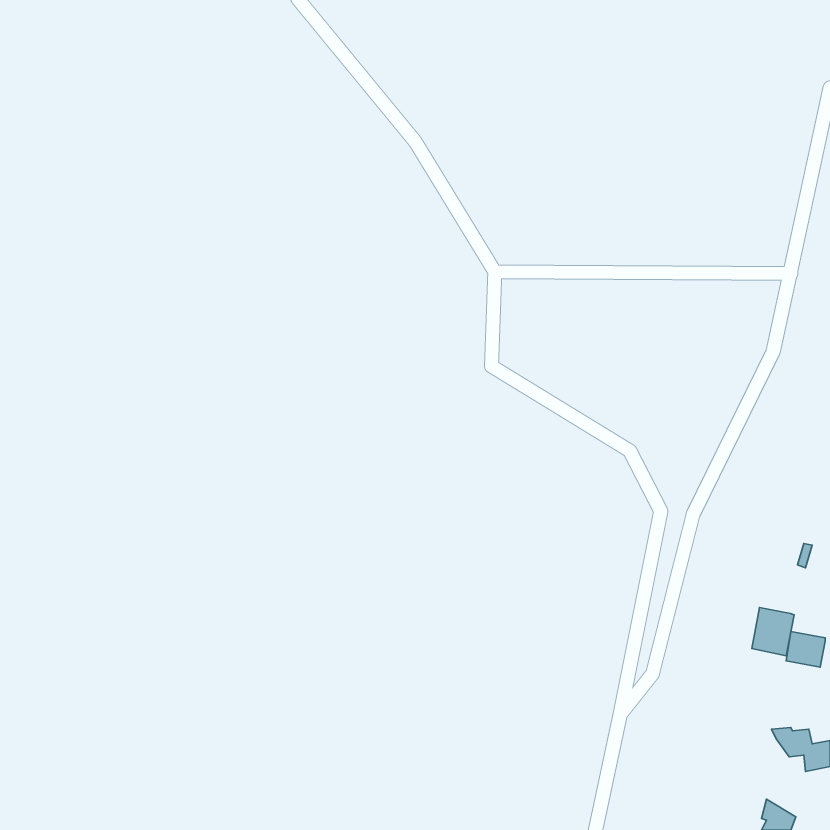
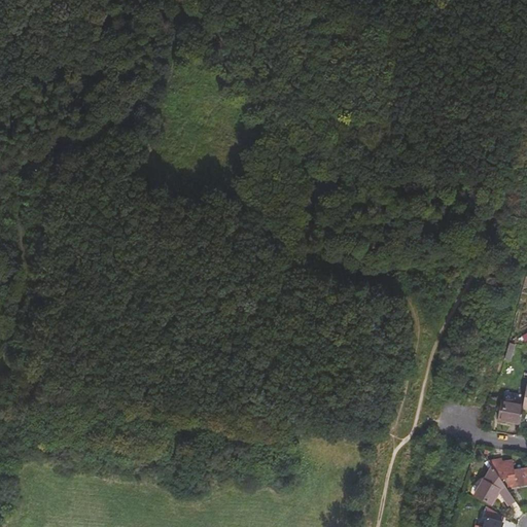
building: [752,608,794,656] -> none
building: none -> [475,467,517,510]

